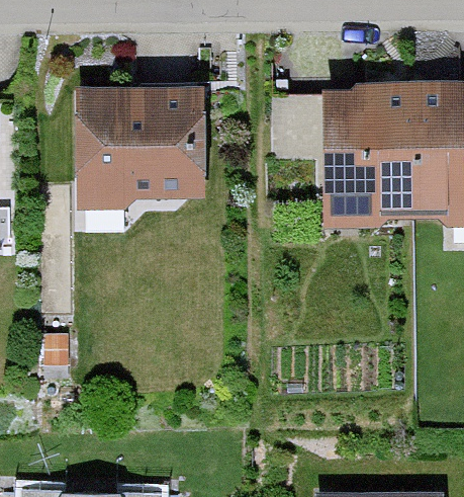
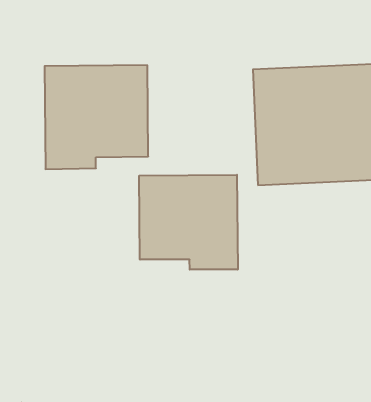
building: none -> [139,175,238,270]

